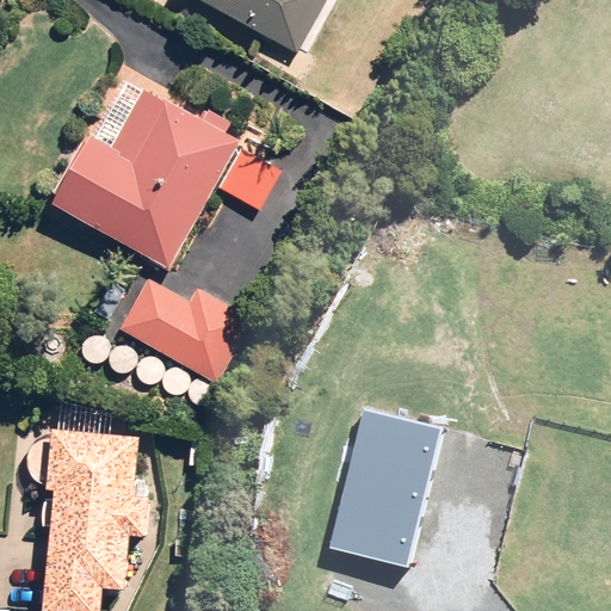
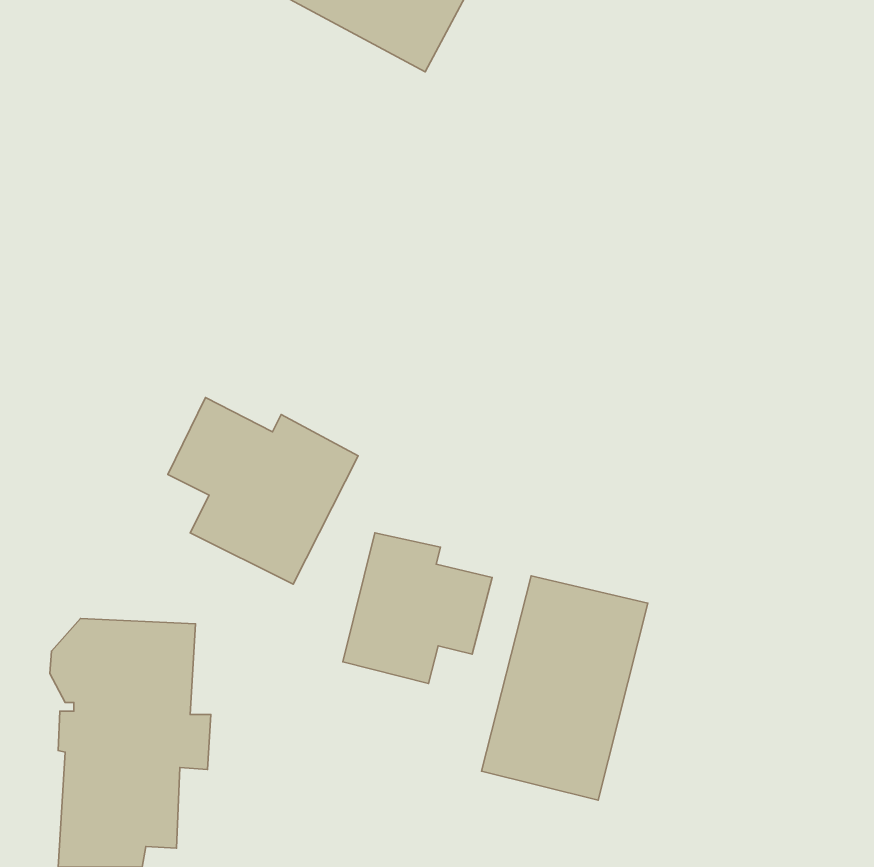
building: [49,91,236,269] -> none
building: none -> [343,533,492,683]

